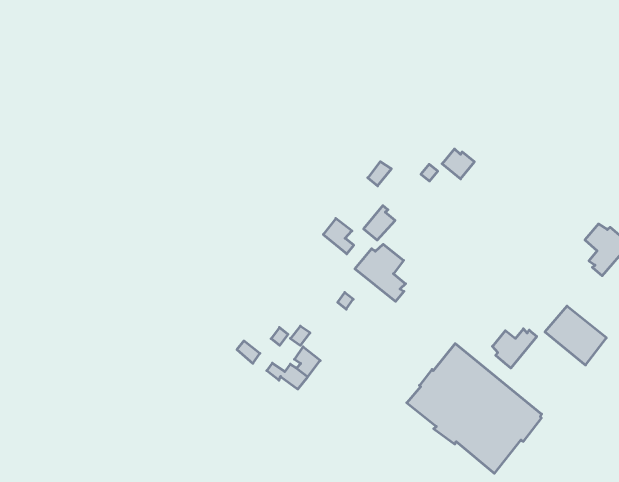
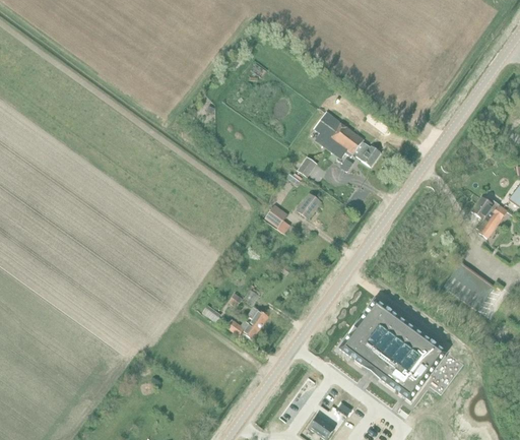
building: none -> [315,111,366,160]
building: [355,244,406,301] -> none
building: [492,329,537,368] -> none

